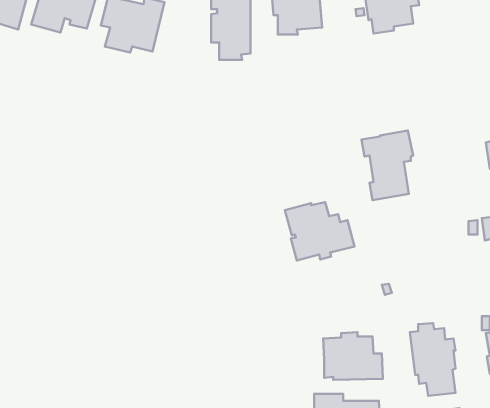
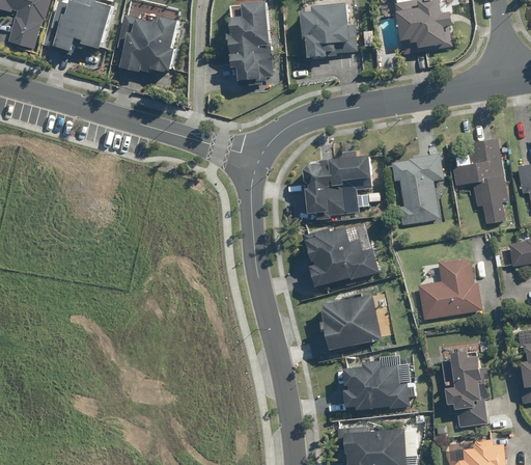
building: none -> [450,139,505,223]
building: none -> [311,157,381,219]
building: none -> [416,257,479,320]
building: none -> [329,295,385,350]

